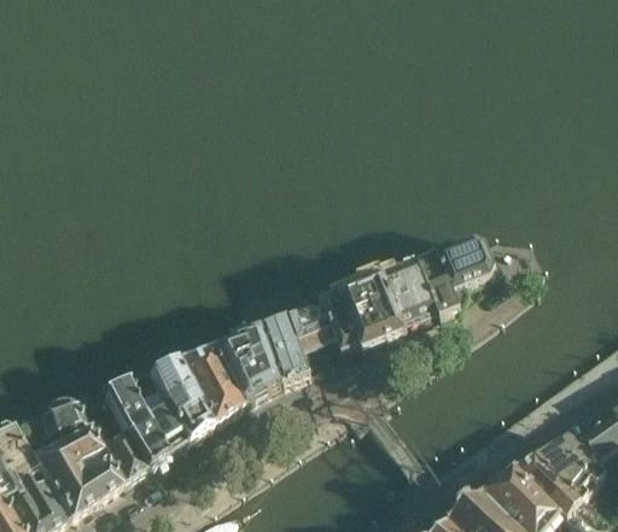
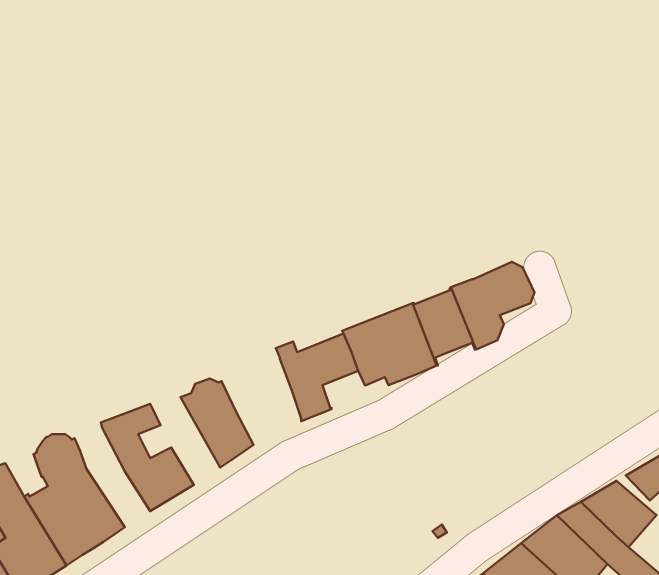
building: [203,328,276,408] -> none
building: [141,358,203,444] -> none
building: [75,410,139,483] -> none

